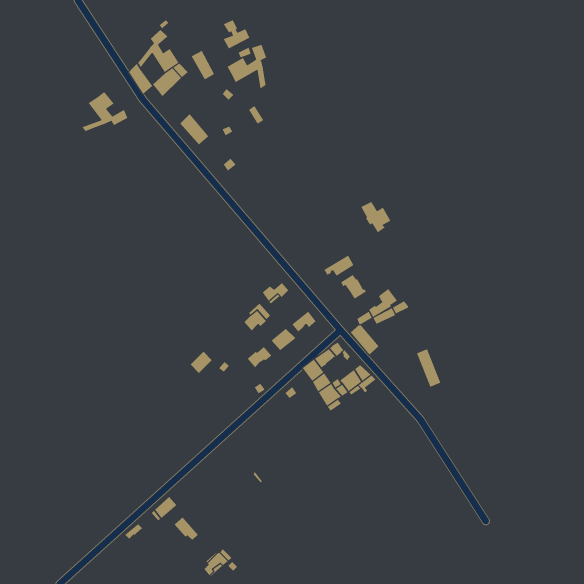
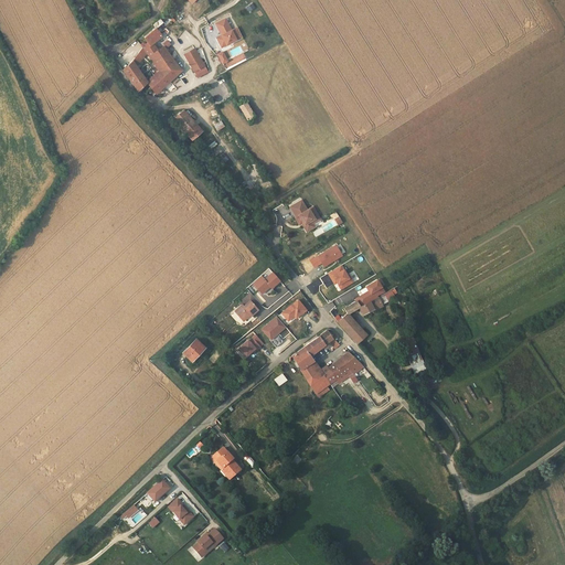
building: [227,43,267,89] -> none
building: [81,91,129,132] -> none
building: [360,201,391,233] -> [290,201,320,232]
building: none -> [213,448,241,480]

